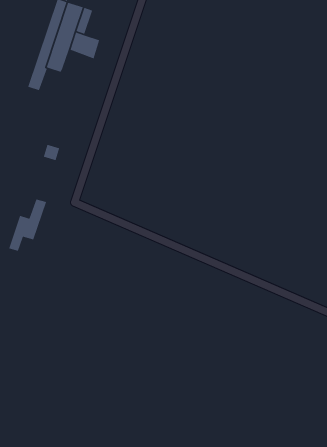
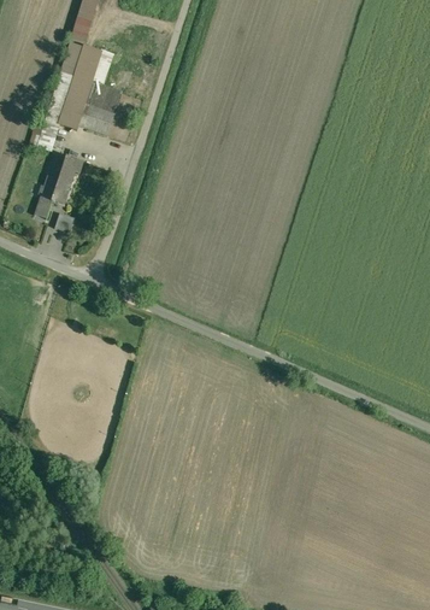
building: none -> [78,102,114,134]
building: [8,198,47,252] -> [34,156,79,218]

